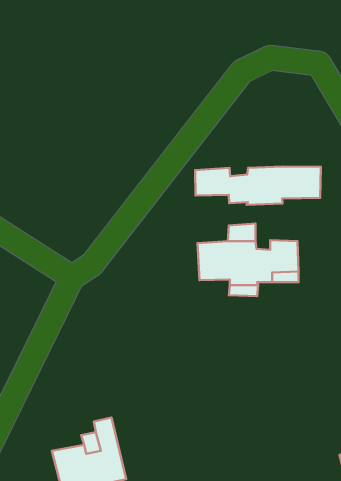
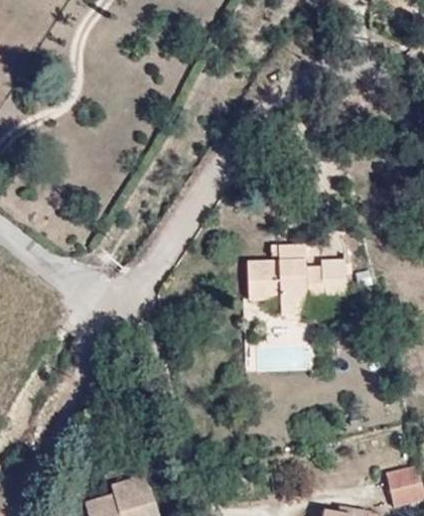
building: [195,167,321,205] -> none

